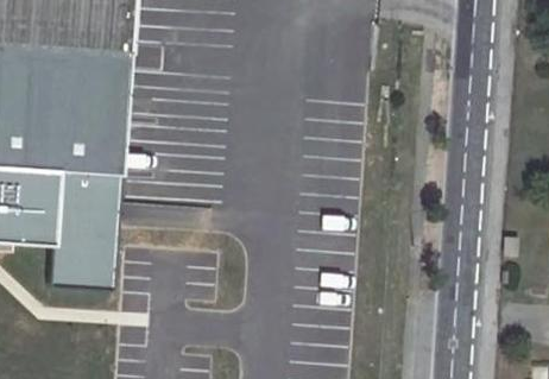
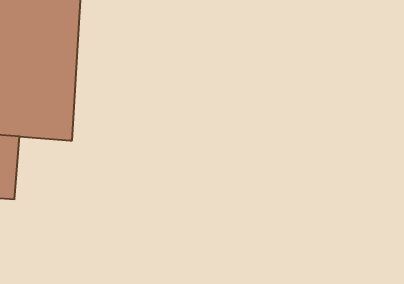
building: [51,170,120,284] -> none

